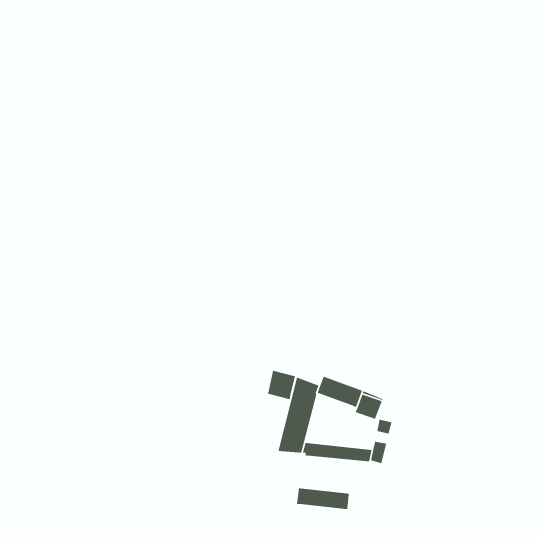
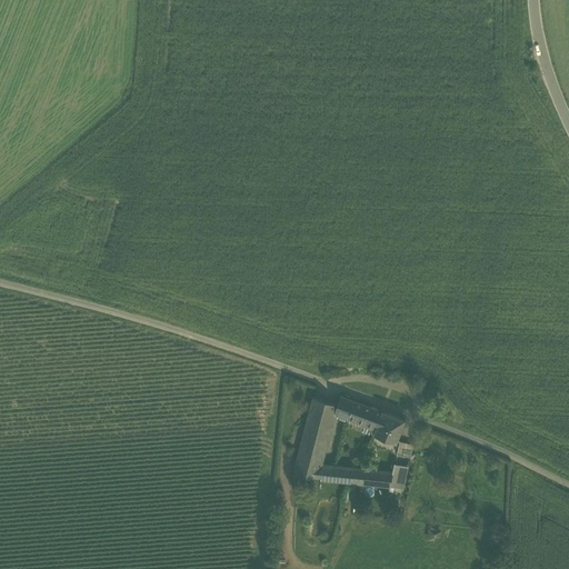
building: [267,370,296,400] -> none
building: [296,488,351,510] -> none

